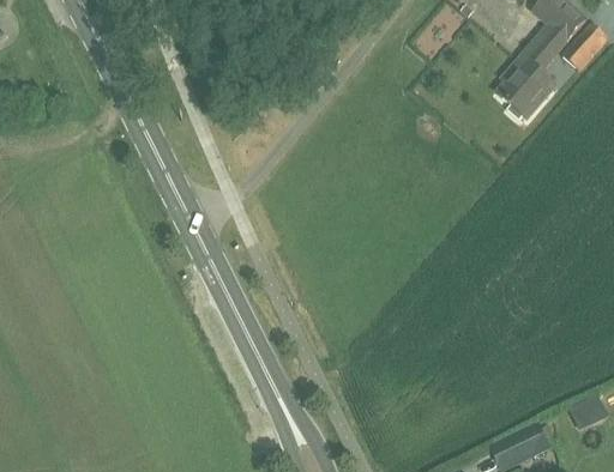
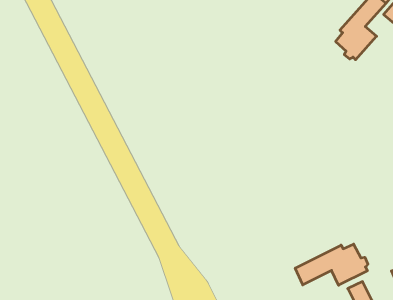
building: none -> [295,244,368,285]

